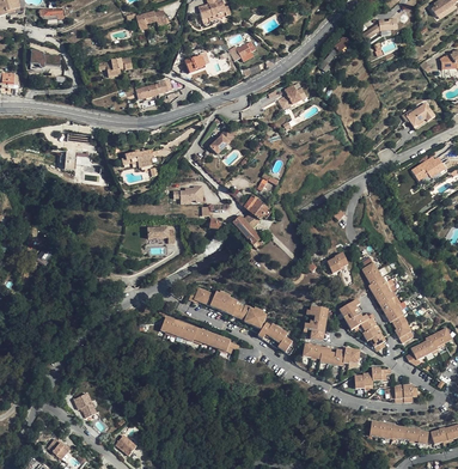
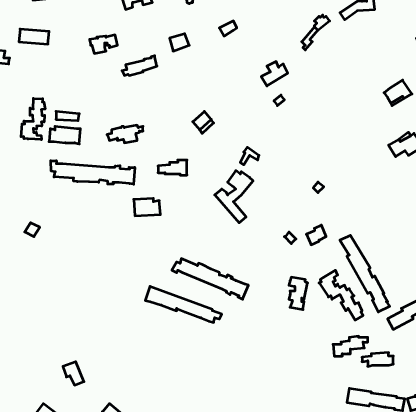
building: none -> [21,98,45,140]
building: none -> [51,161,135,184]
building: [257,322,293,354] -> none
building: [301,343,360,366] -> none

